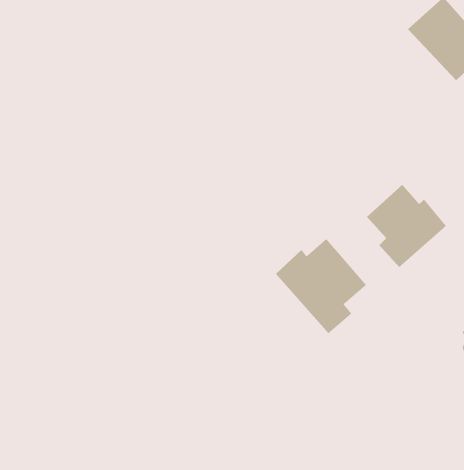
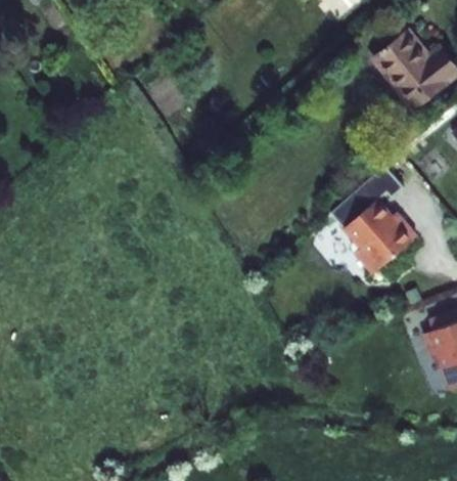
building: [275,238,367,334] -> none

